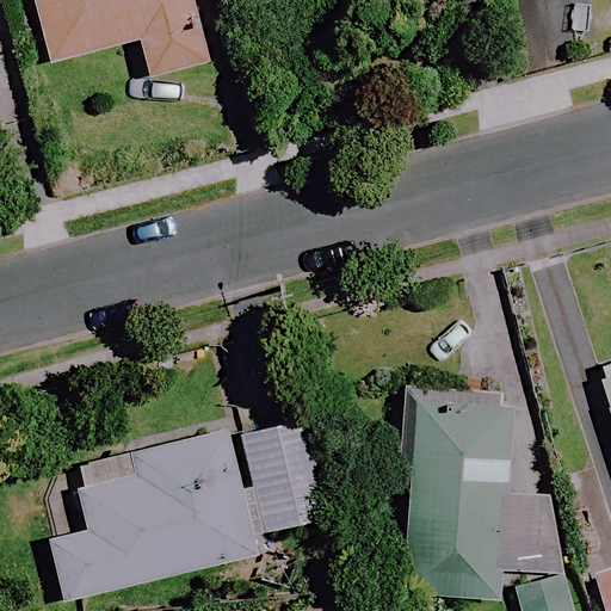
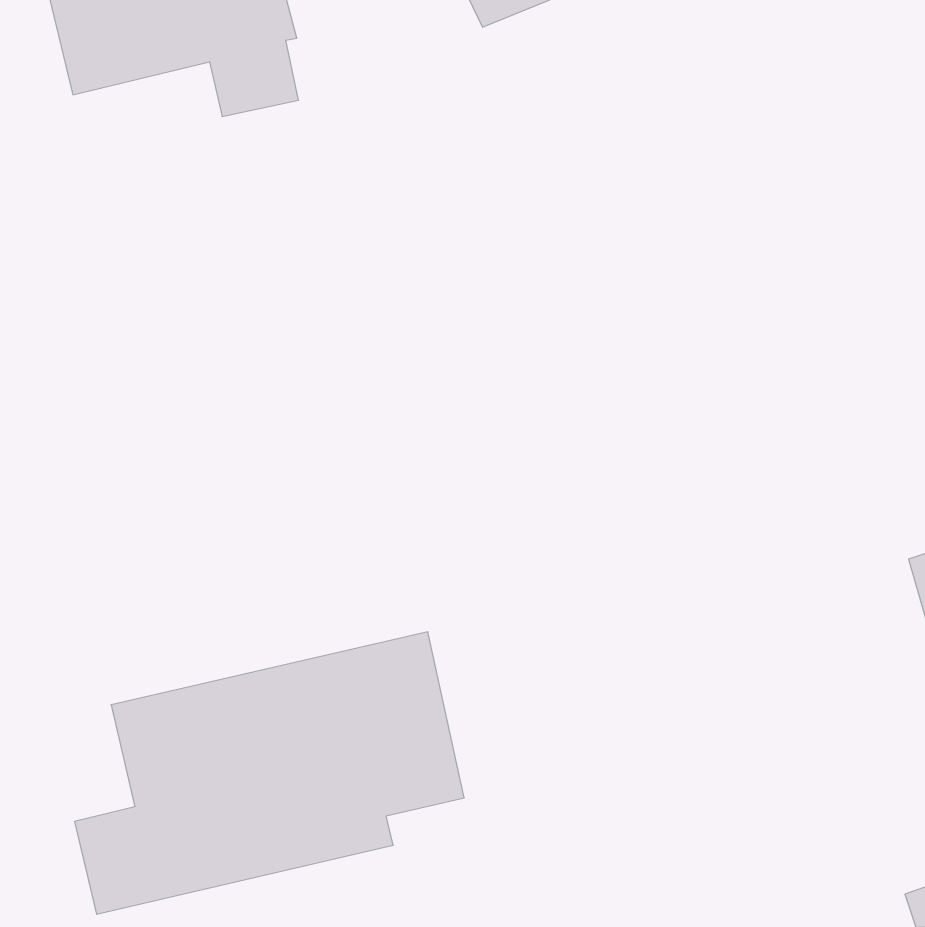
building: [407,400,558,601] -> none

